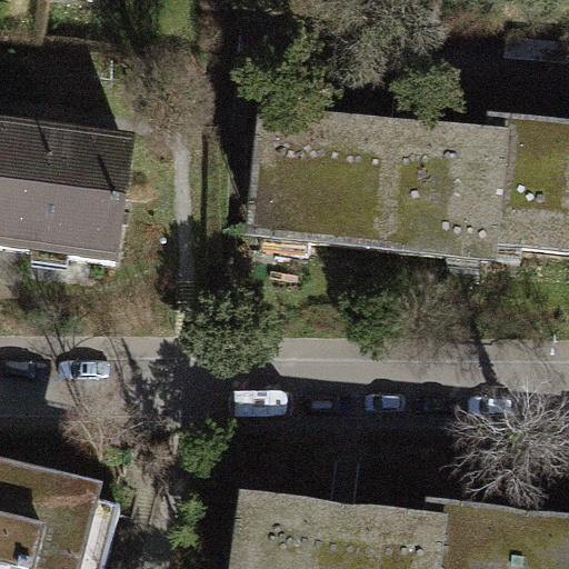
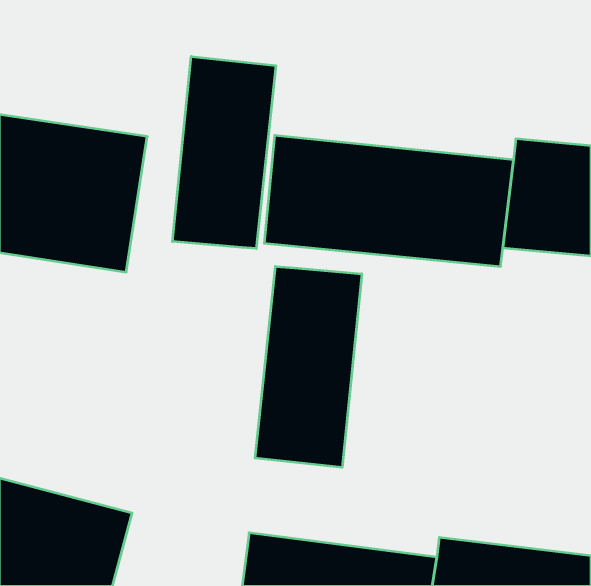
building: none -> [172,56,276,249]
building: none -> [255,266,362,467]

